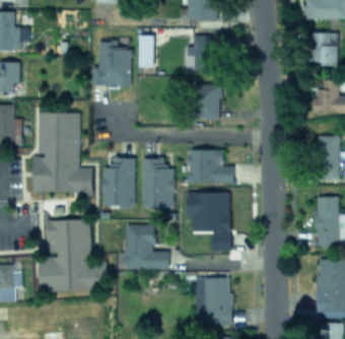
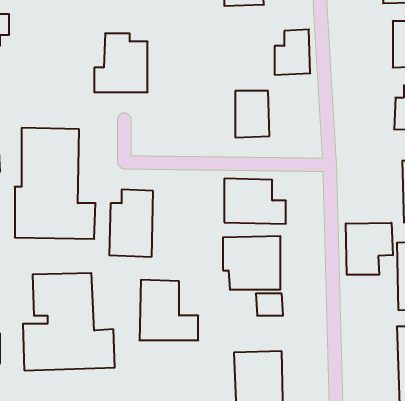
building: [186,35,212,68] -> [275,29,310,75]
building: [138,36,153,67] -> none
building: [142,157,175,207] -> none
building: none -> [346,223,393,275]

